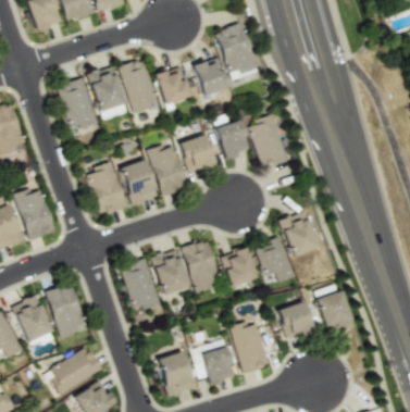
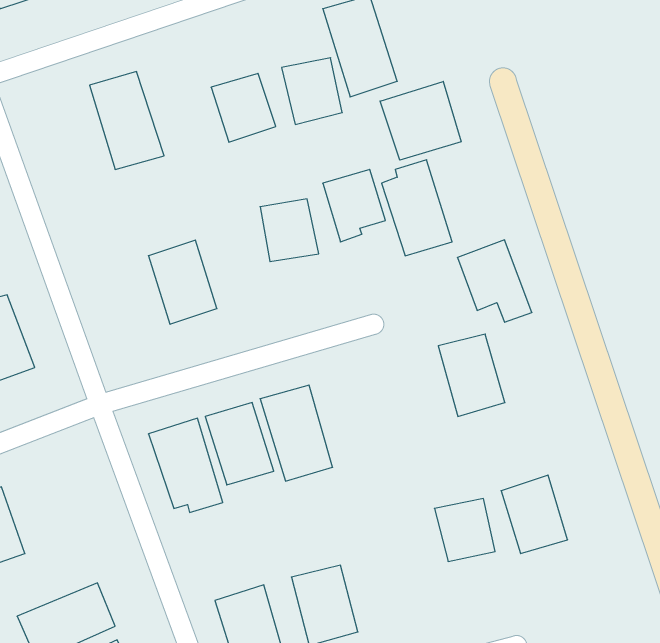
building: [119,58,159,113] -> none
building: none -> [380,81,461,160]
building: [58,78,97,130] -> none
building: [147,143,189,196] -> none
building: [87,162,126,214] -> none
building: [254,236,296,282] -> [457,240,532,322]
building: [222,247,257,286] -> none
building: [47,283,85,338] -> none
building: [232,320,269,372] -> none

